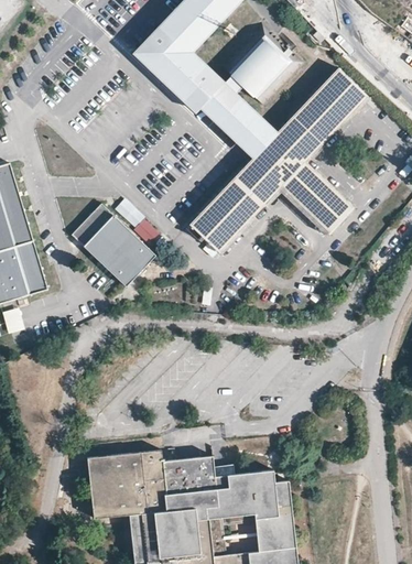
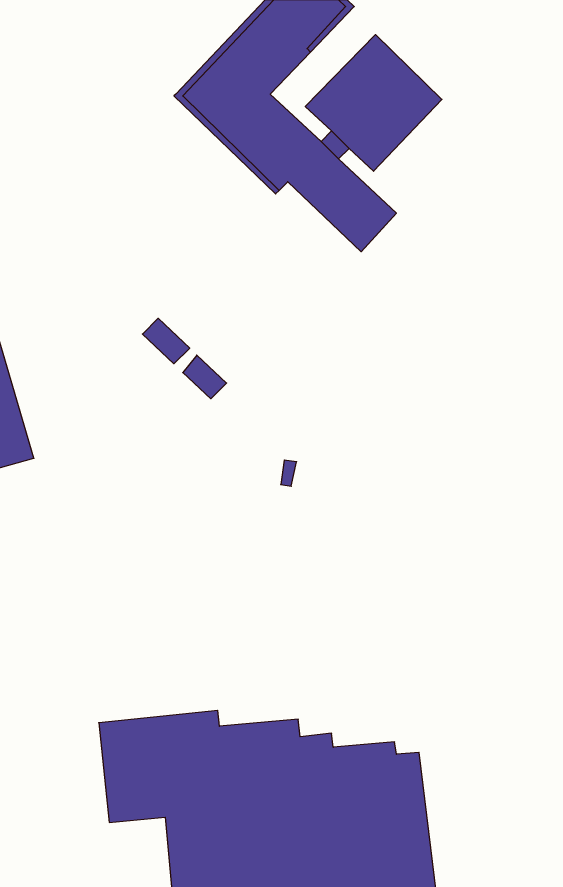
building: [188,69,365,250] -> none
building: [72,204,153,285] -> none

